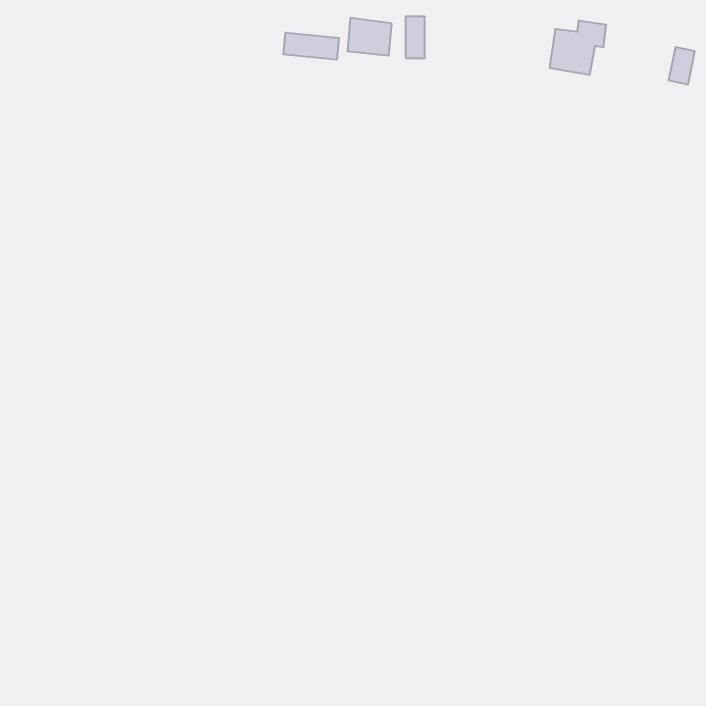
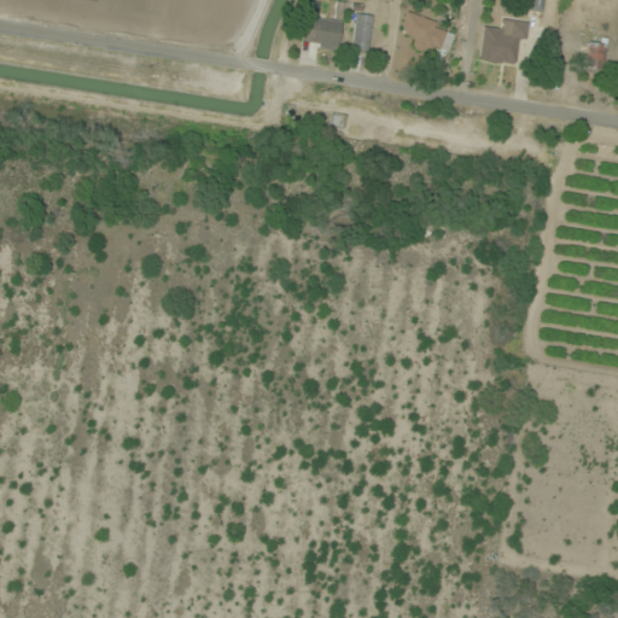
building: none -> [406,17,444,49]
building: [283,33,339,60] -> none

